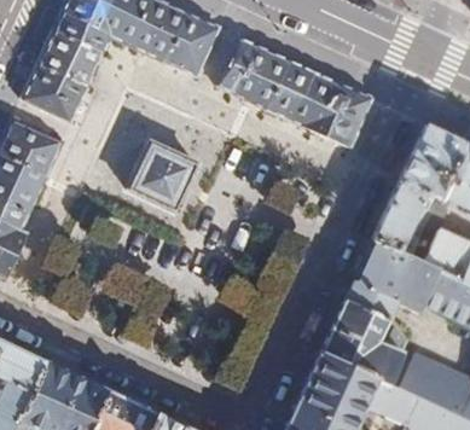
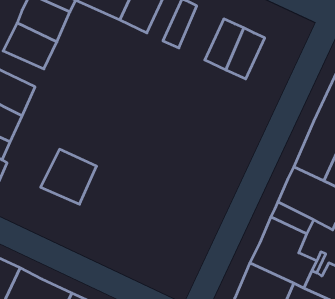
building: [234,43,289,109] -> none
building: [315,82,373,147] -> none
building: [127,141,195,208] -> [41,149,97,204]

